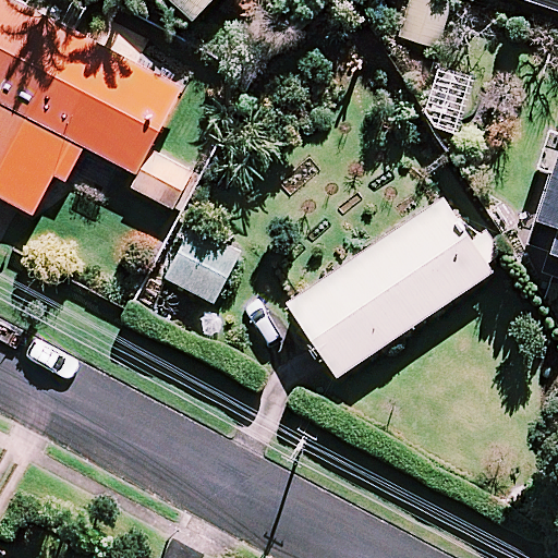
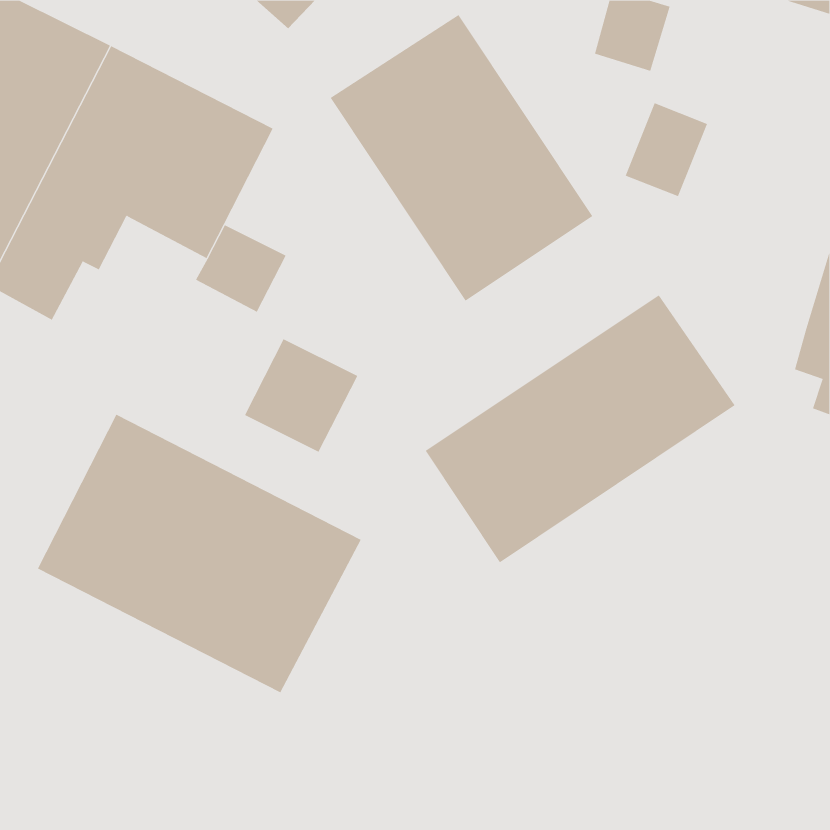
building: none -> [330,14,593,302]
building: none -> [37,414,361,693]

